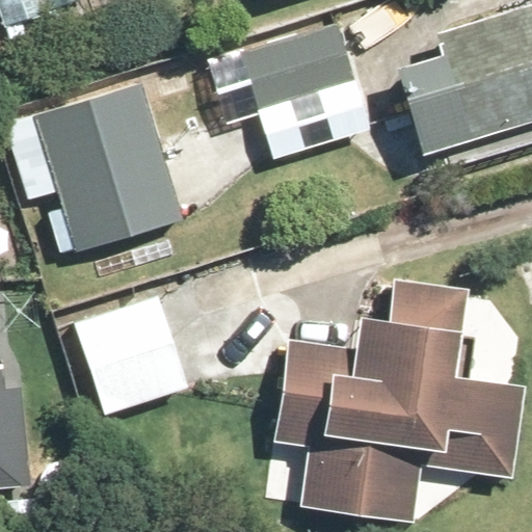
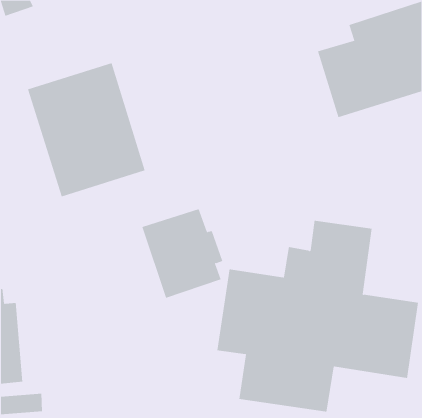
building: [217,24,354,117] -> none
building: [72,303,175,417] -> [141,209,223,298]

